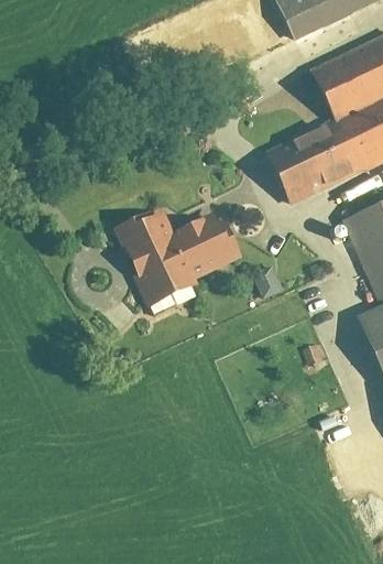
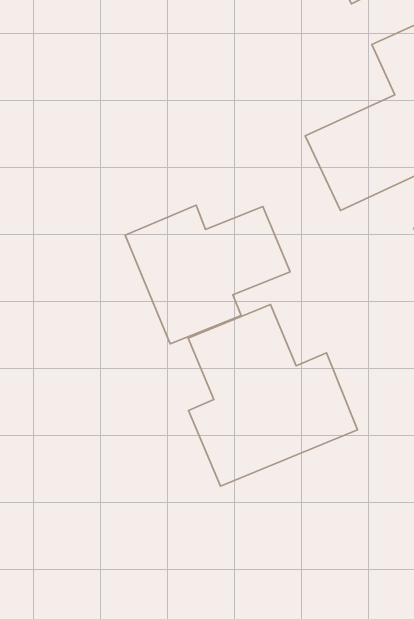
building: none -> [188,305,358,486]

